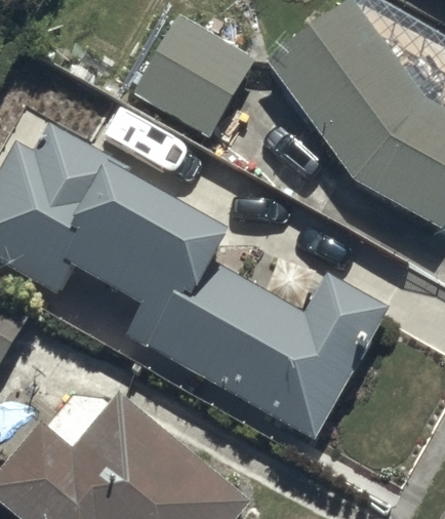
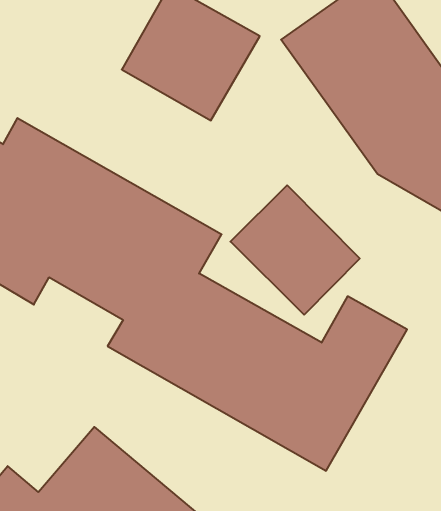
building: none -> [230,185,360,315]

